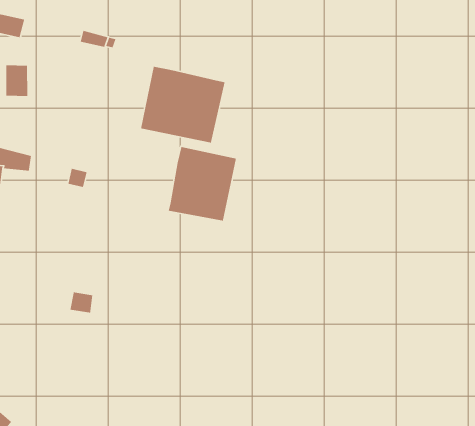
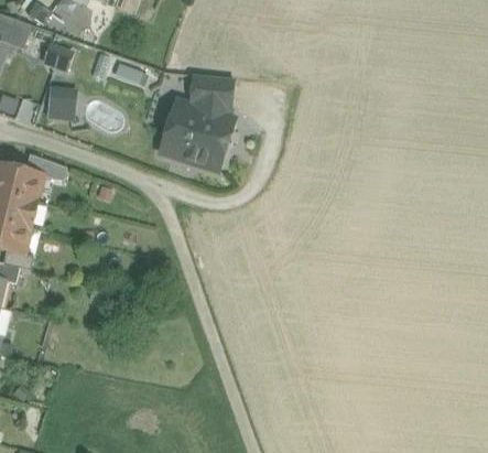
building: none -> [191,75,232,118]
building: [168,146,237,222] -> none

